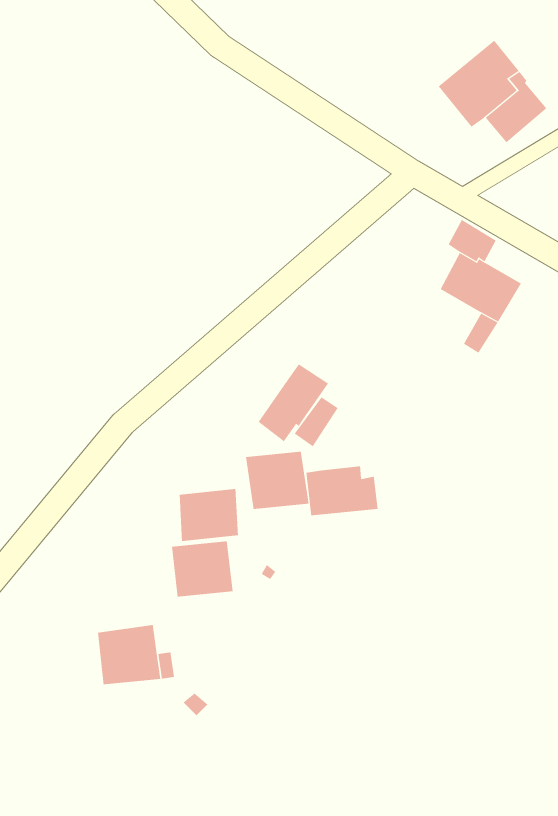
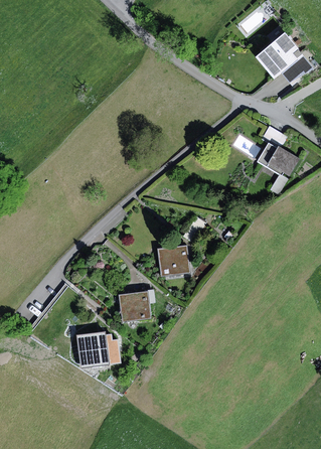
building: [258,363,329,442] -> none
building: [306,466,378,516] -> none
building: [179,488,239,542] -> none

